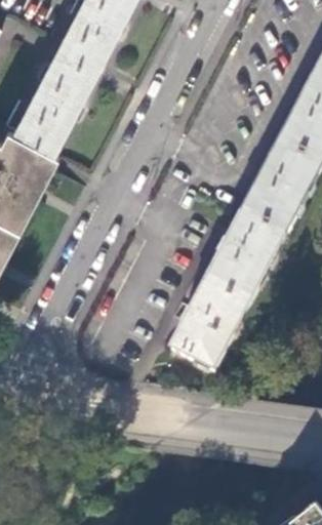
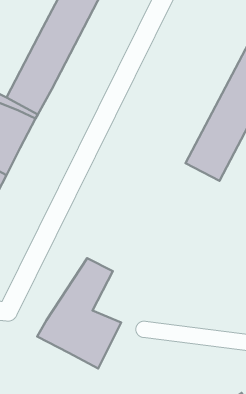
building: [168,217,283,375] -> none
building: none -> [37,258,121,369]

